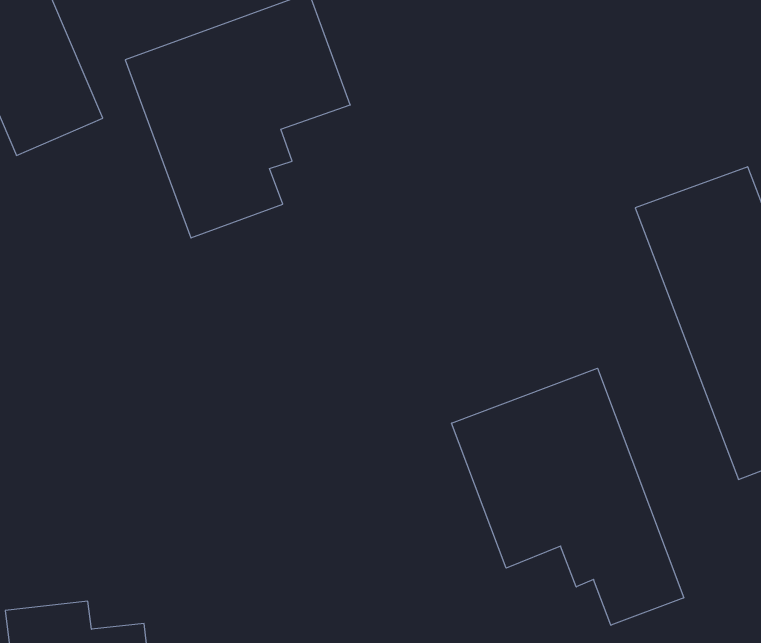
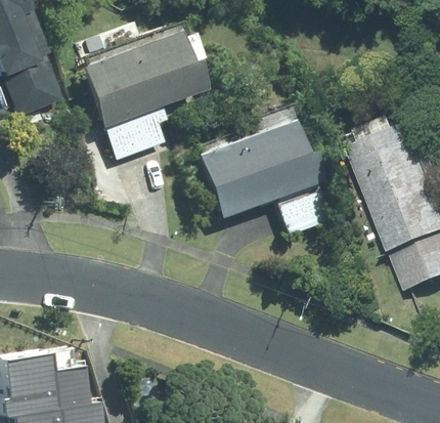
building: none -> [192,117,333,235]
building: [452,368,684,625] -> none

